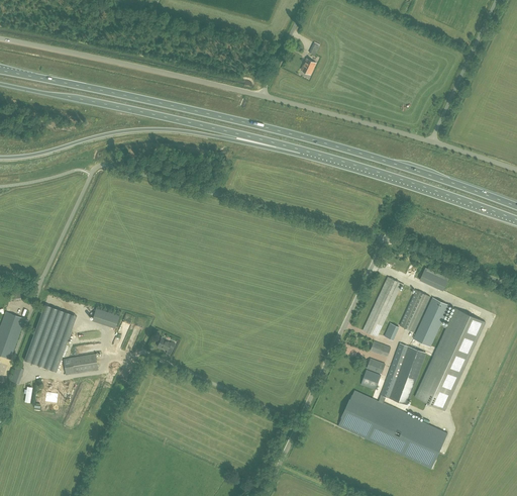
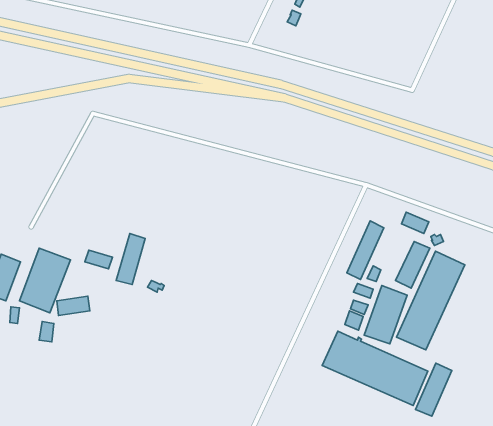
building: none -> [116,234,145,284]
building: [399,289,429,331] -> none
building: none -> [415,363,452,416]

